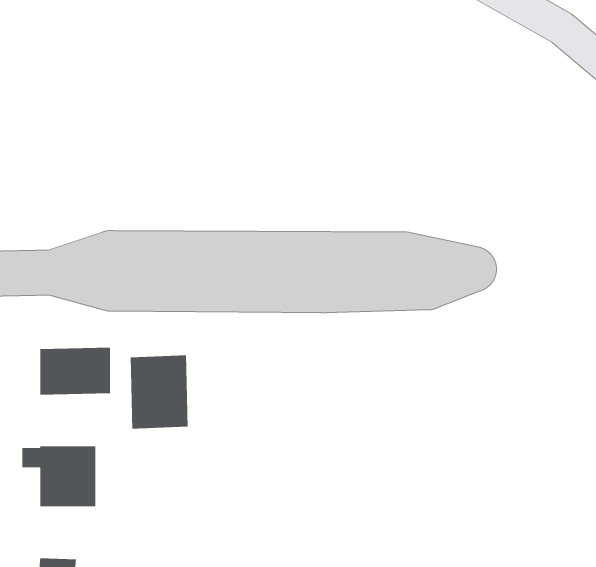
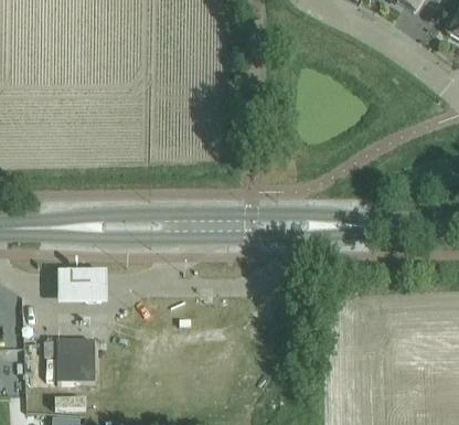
building: [130,354,188,429] -> none

